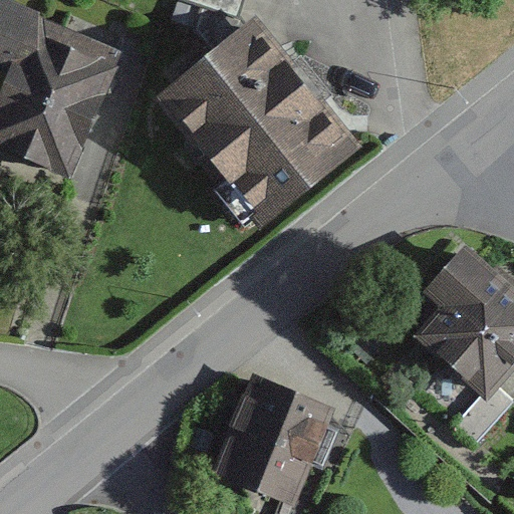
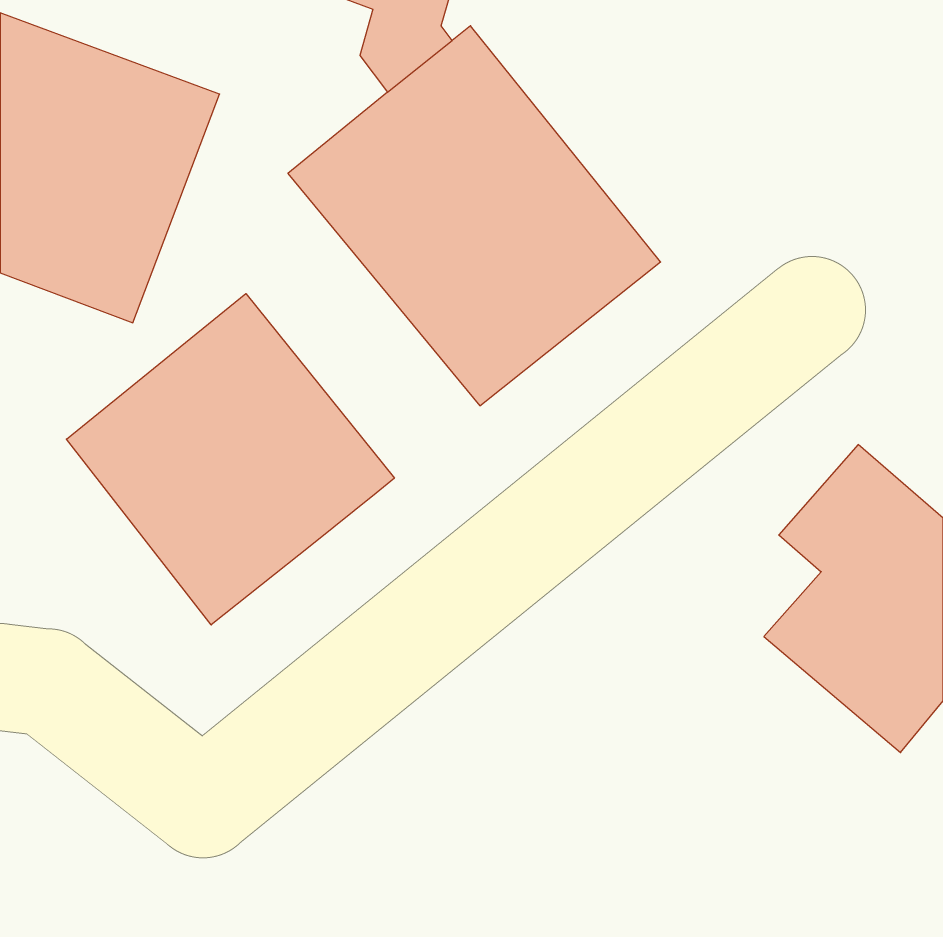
building: none -> [66,294,394,625]
building: [211,378,330,505] -> none

